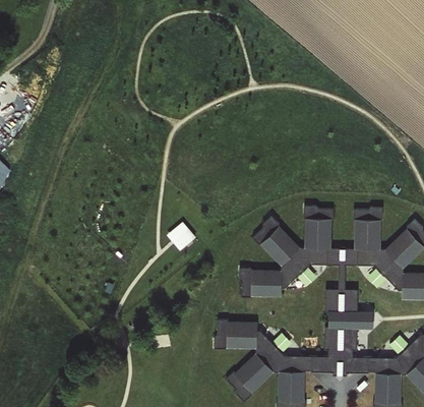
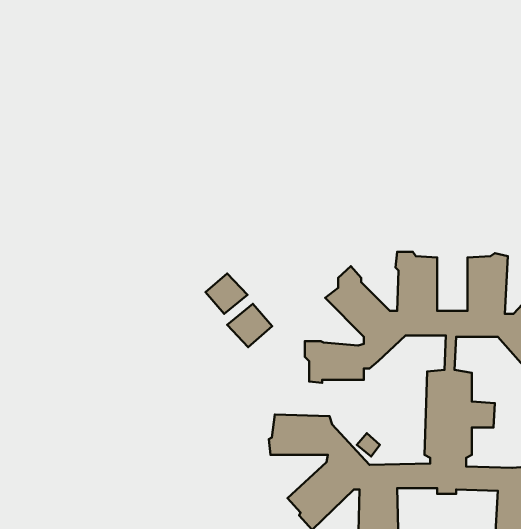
building: none -> [227,304,272,347]

